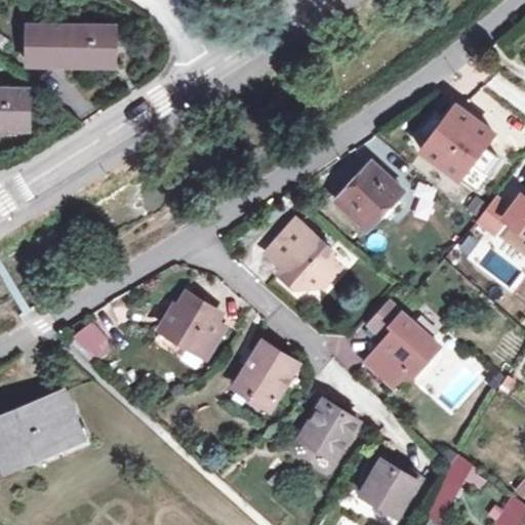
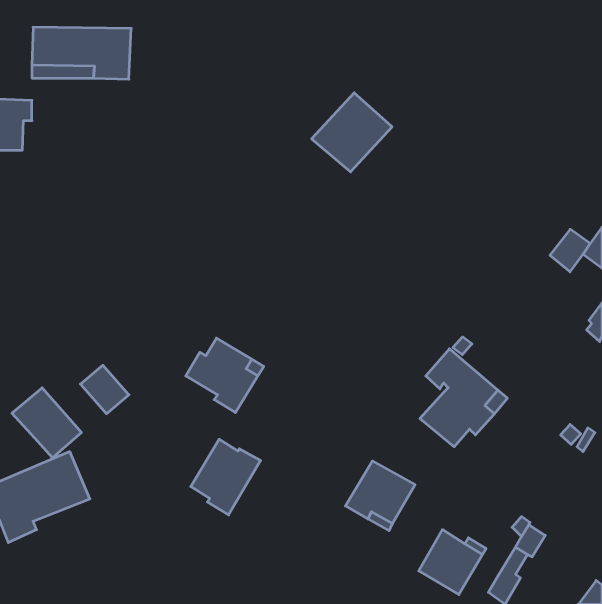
building: [420,107,497,195] -> none
building: [334,161,404,230] -> [312,93,392,172]
building: [265,219,341,288] -> none
building: none -> [12,388,81,458]
building: [236,344,296,409] -> [191,439,261,515]

